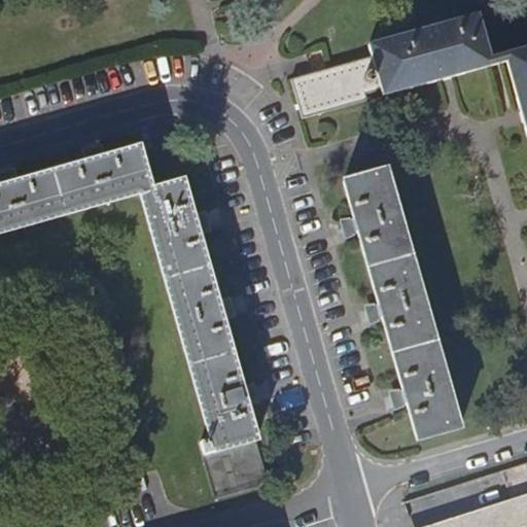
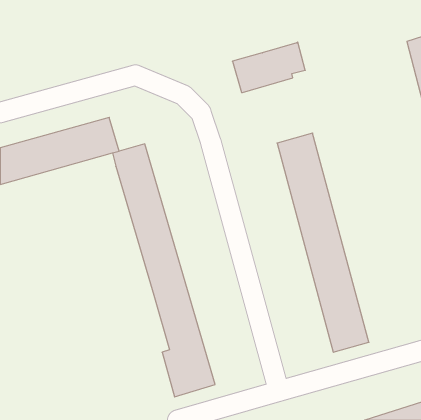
building: [368,12,500,94] -> none

